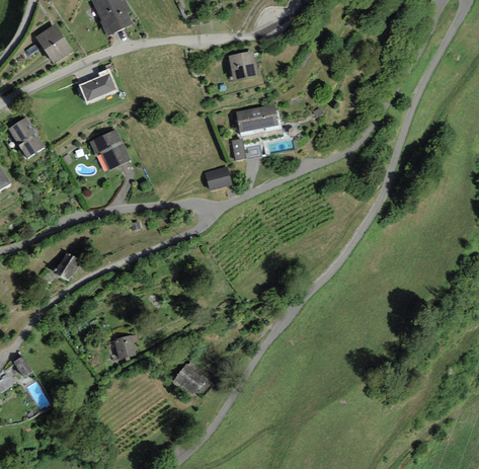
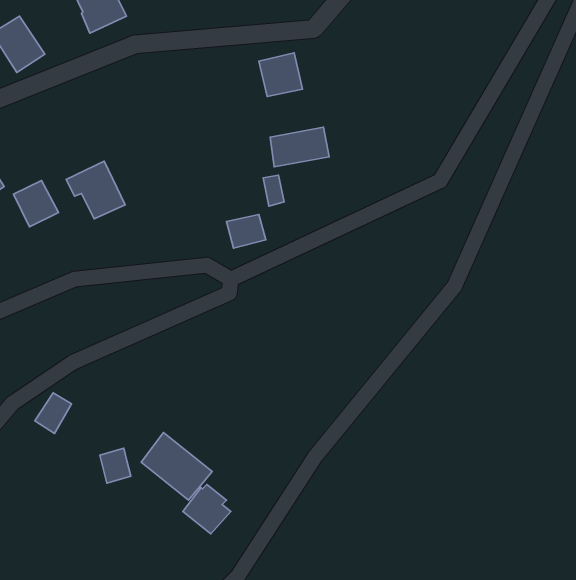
building: [79,69,118,104] -> none
building: none -> [14,180,58,227]
building: [54,252,80,282] -> [35,393,71,433]
building: none -> [141,432,212,500]

